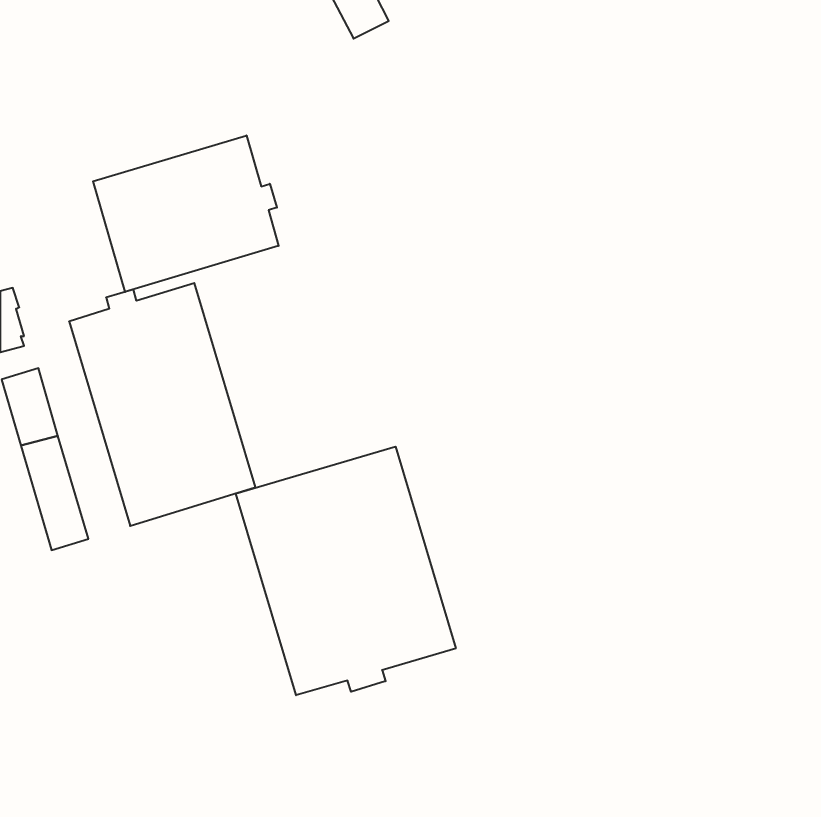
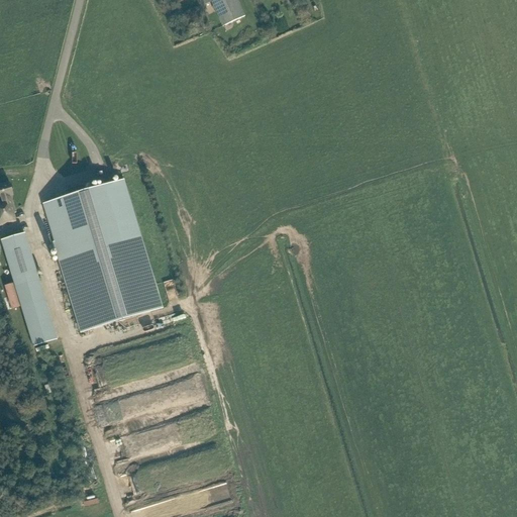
building: [93,135,279,292] -> none
building: [236,447,456,695] -> none

